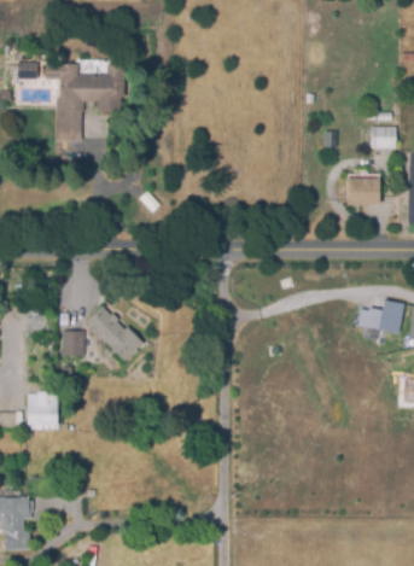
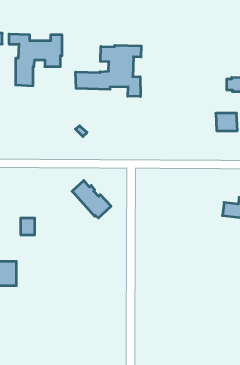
building: none -> [76,45,141,97]
building: [87,305,144,360] -> [72,180,111,218]

